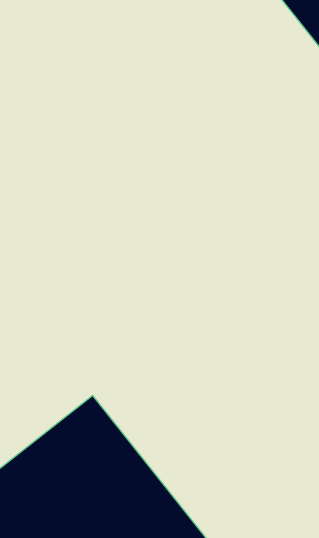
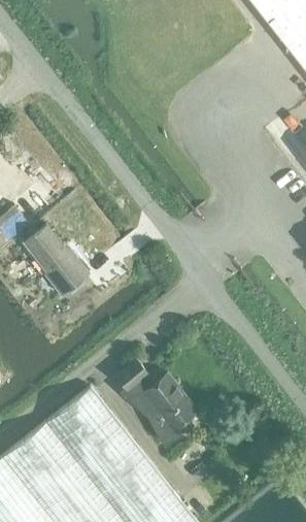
building: none -> [24,226,86,292]
building: none -> [114,359,195,444]

